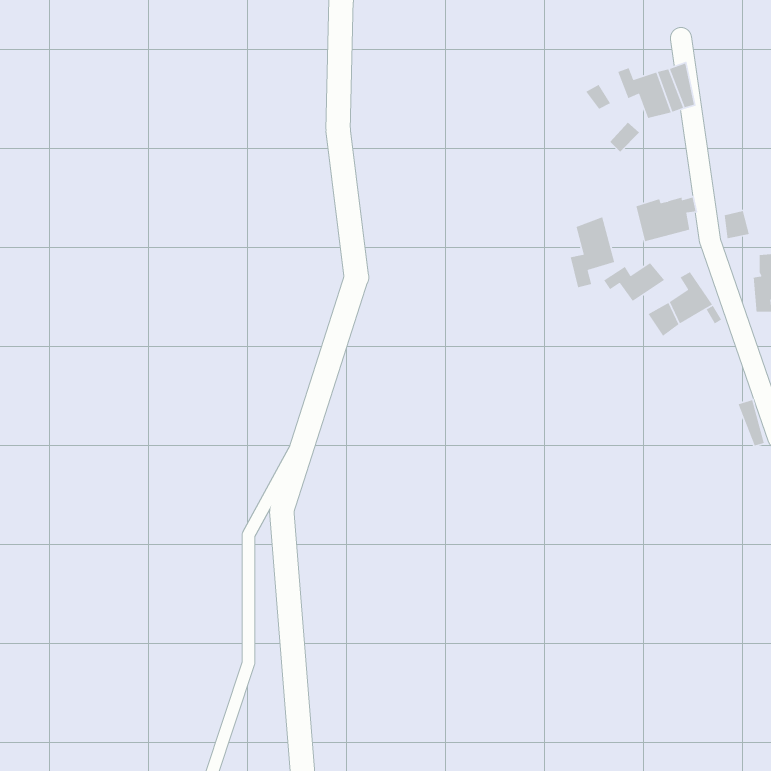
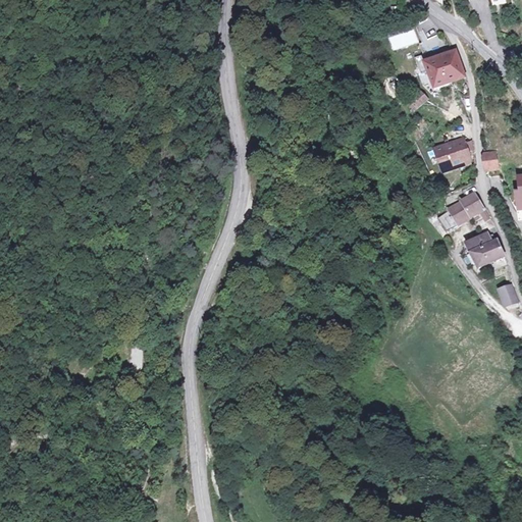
building: [570,216,615,288] -> none
building: [603,262,665,302] -> none
building: none -> [465,232,507,276]

